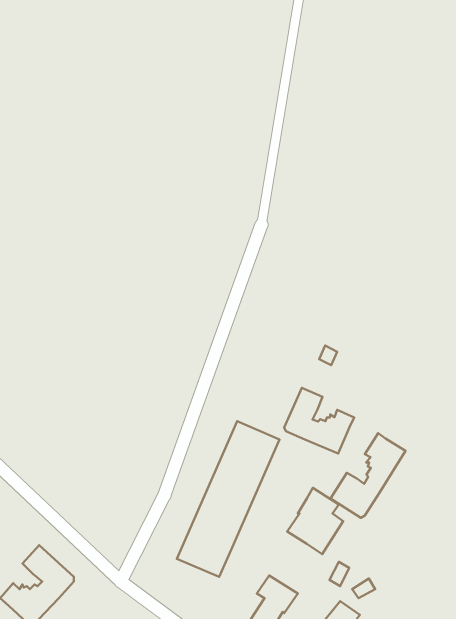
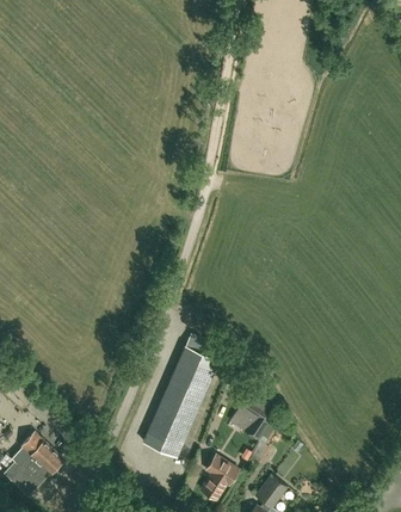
building: [284,388,354,454] -> none
building: [331,433,406,518] -> none

